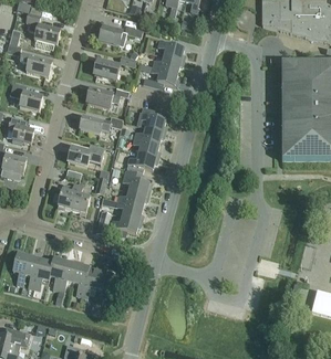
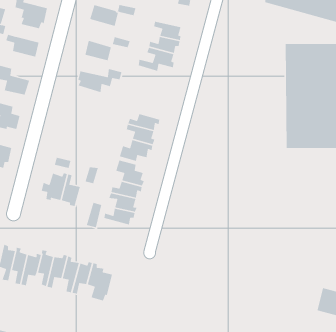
building: [139,107,166,134] -> none
building: [80,116,123,135] -> none
building: [68,146,110,167] -> none

